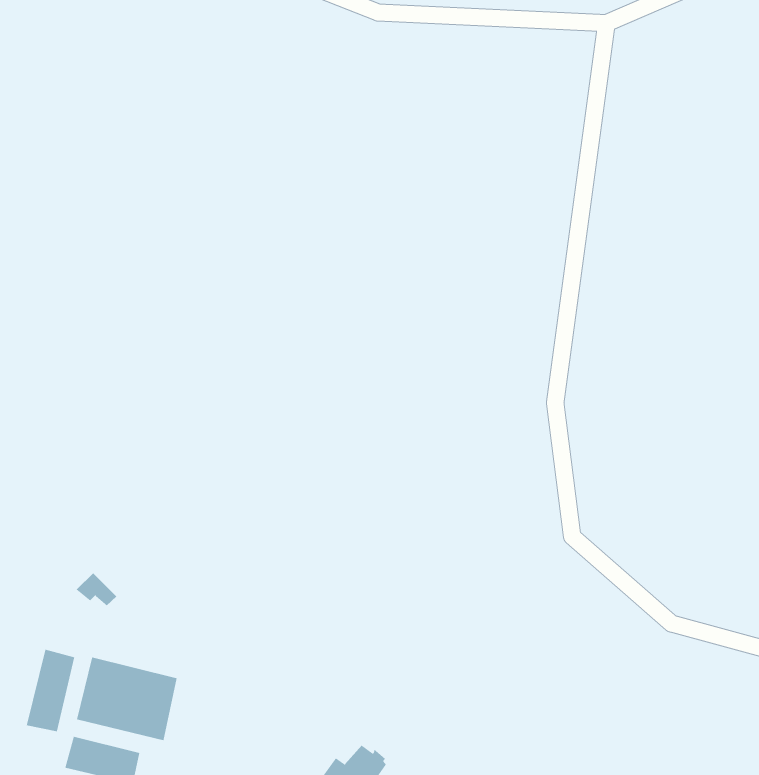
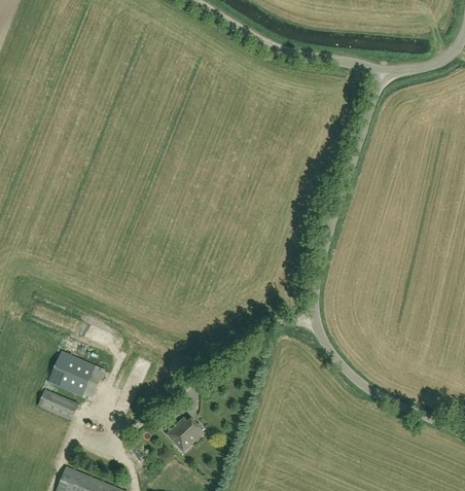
building: [26,649,75,732] -> none

